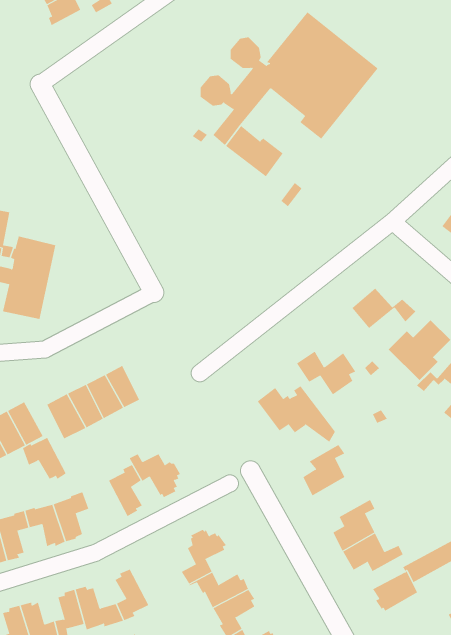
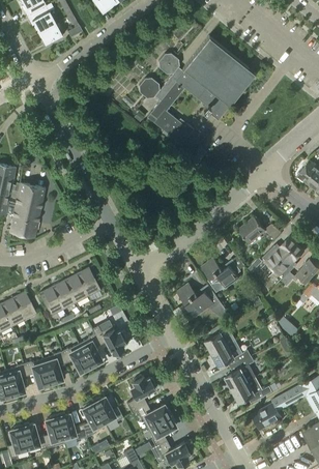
building: [22,437,67,480] -> [62,344,91,372]
building: none -> [212,342,251,368]
building: none -> [93,398,123,426]

